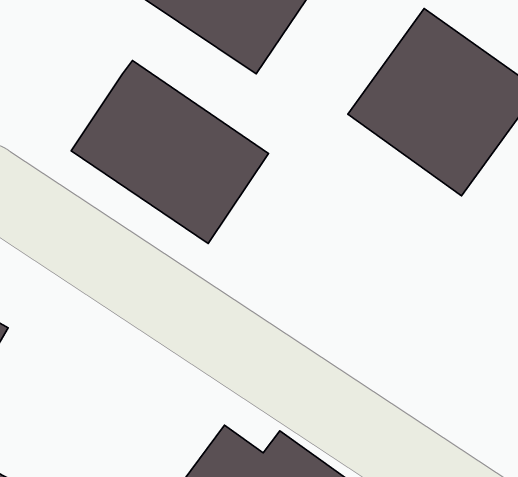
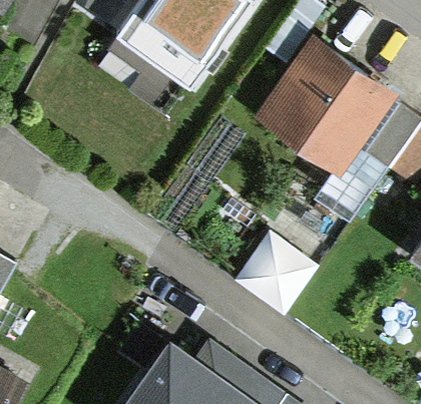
building: [71,61,268,243] -> none
building: none -> [243,242,319,321]

